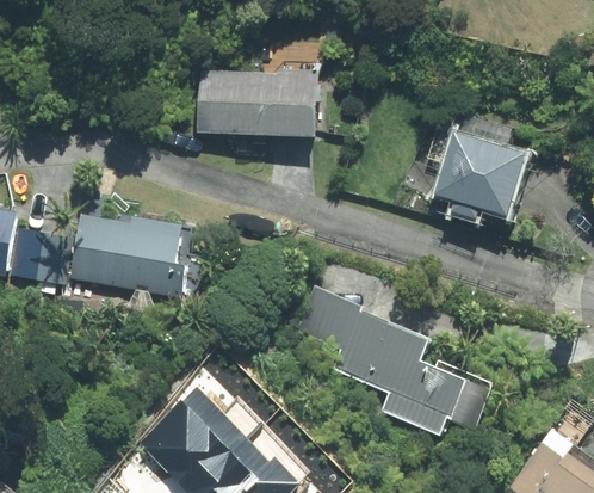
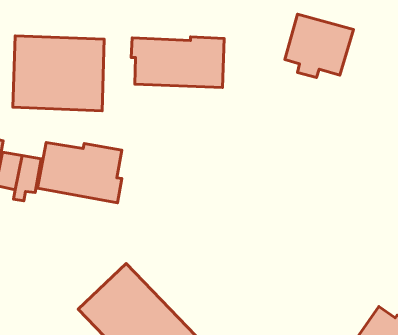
building: none -> [13,36,104,111]
building: [444,131,539,220] -> [285,14,354,78]
building: [298,290,464,436] -> none

